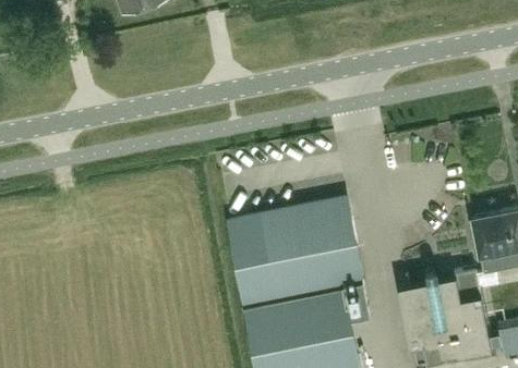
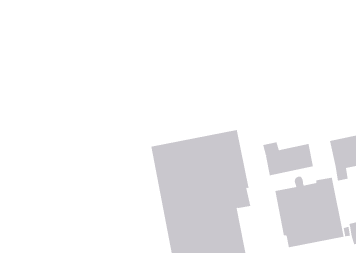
building: none -> [262,142,314,176]

